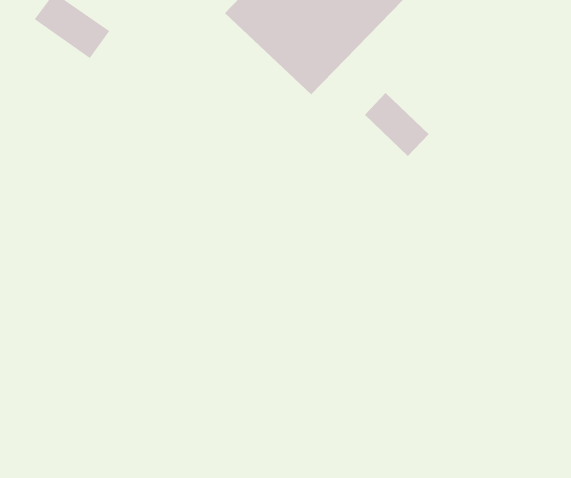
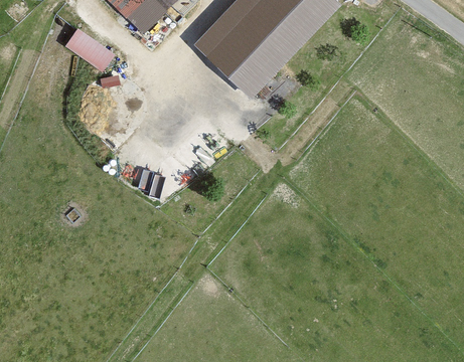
building: [364,92,429,157] -> none

